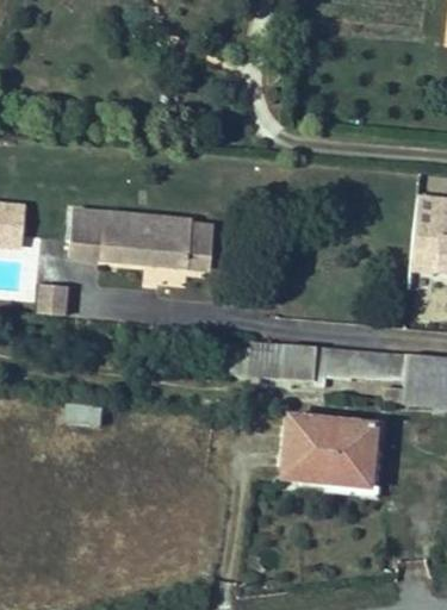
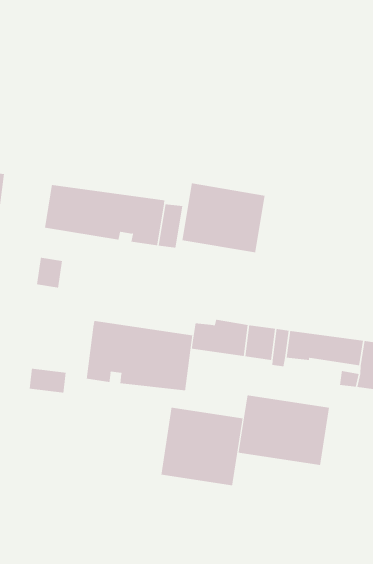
building: none -> [182,183,265,253]
building: none -> [86,320,193,391]
building: none -> [161,407,243,486]

